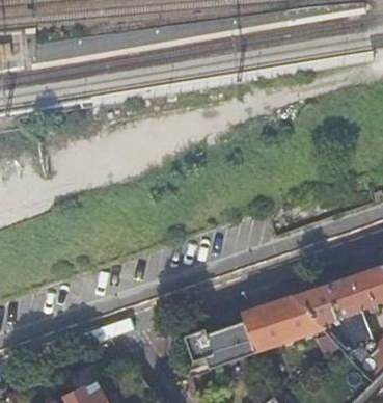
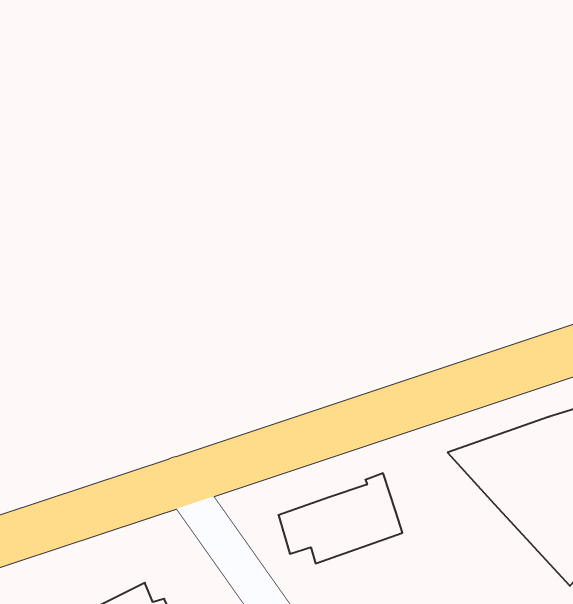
building: [250,297,322,349] -> none

